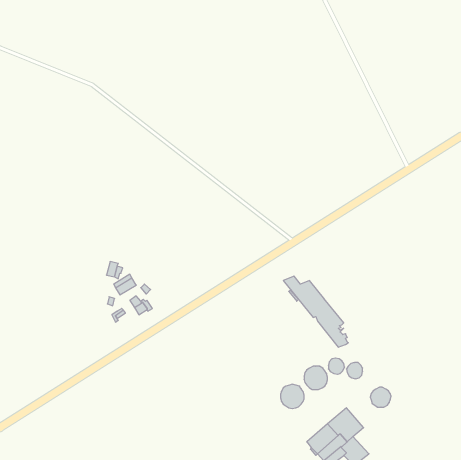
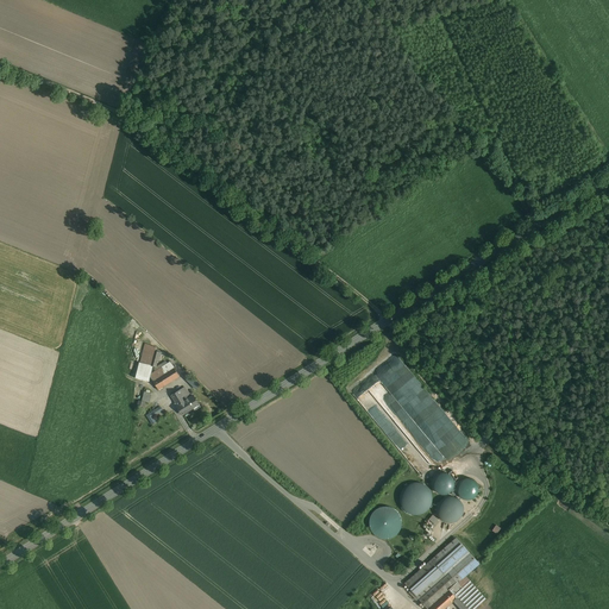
building: [370,387,391,407] -> [437,497,464,523]

